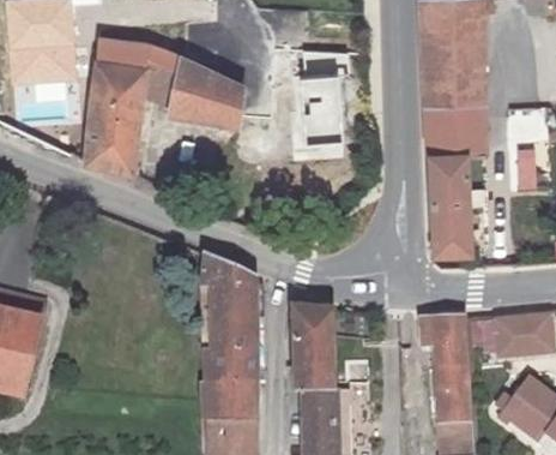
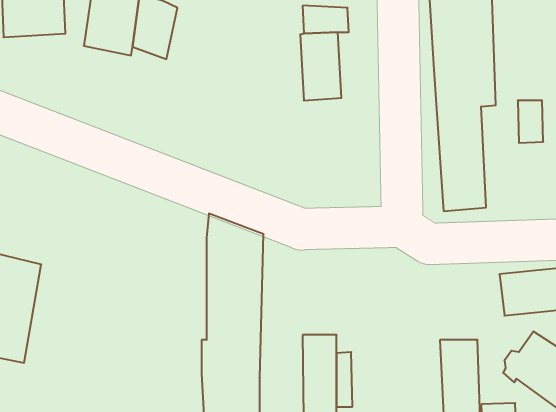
building: [164,55,234,125] -> none
building: [74,92,131,170] -> none
building: [289,298,333,378] -> none
building: [425,316,472,383] -> none

